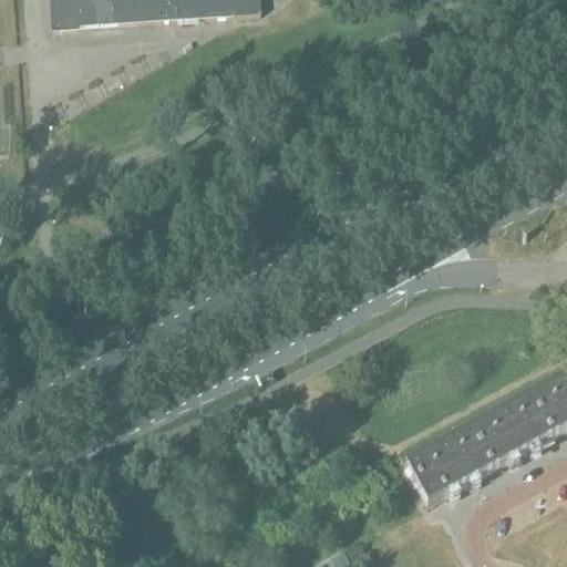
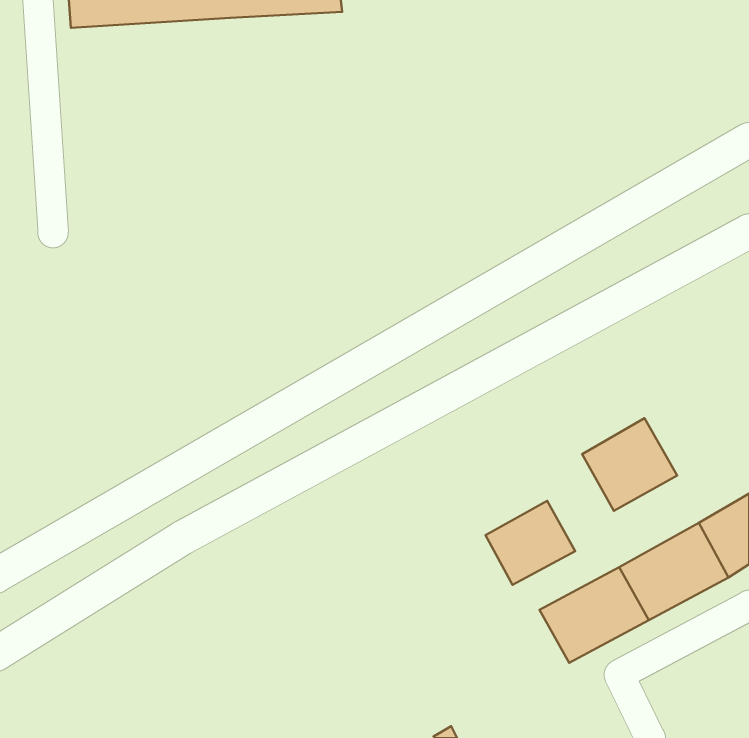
building: none -> [582,418,677,511]
building: none -> [486,501,575,585]

